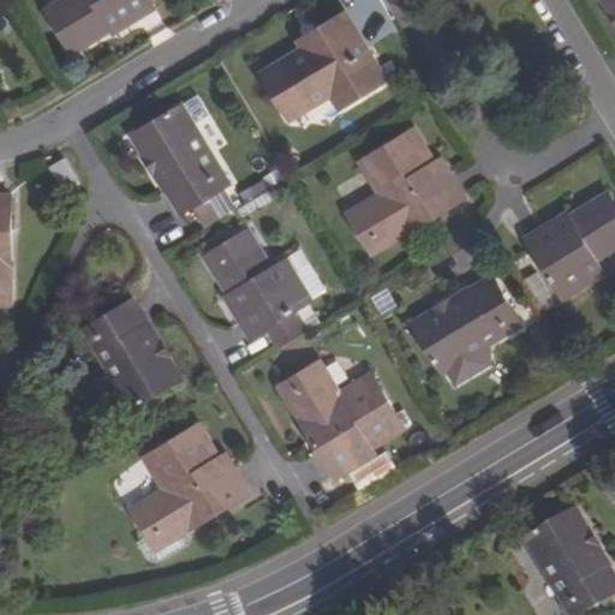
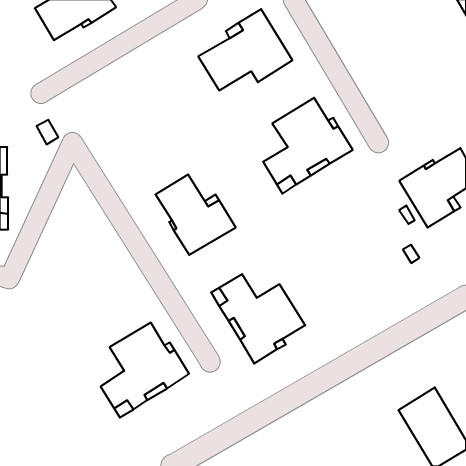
building: [131,105,228,213] -> none
building: [411,274,519,371] -> none
building: [84,297,179,405] -> none

